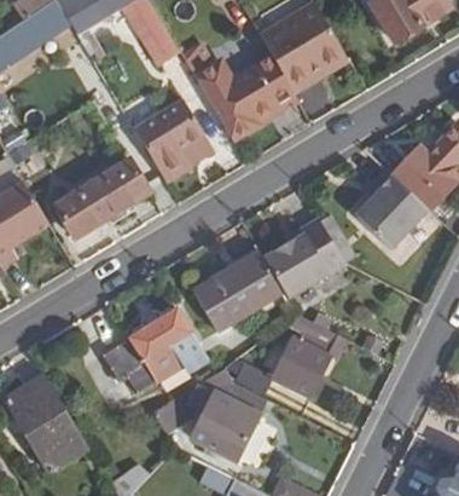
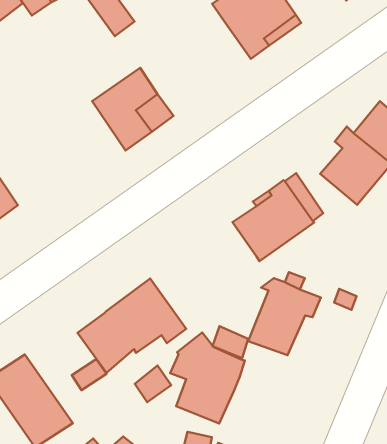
building: [184,46,294,138] -> none
building: [53,157,149,237] -> none
building: [193,250,285,333] -> none

